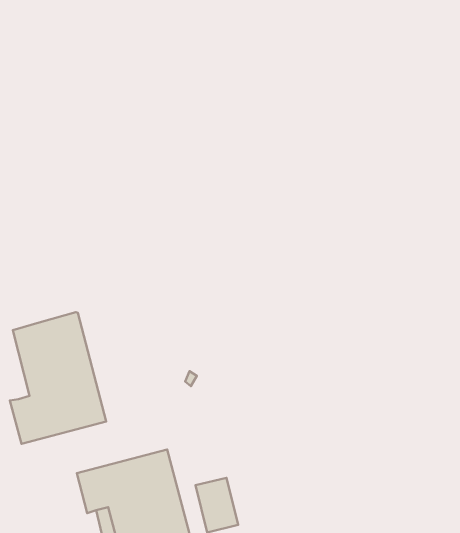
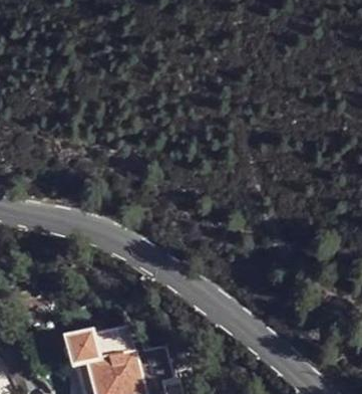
building: [10,312,106,444] -> none

